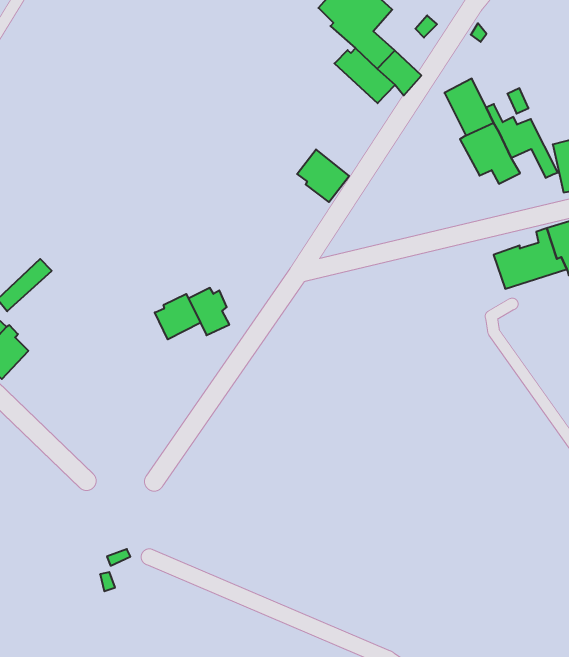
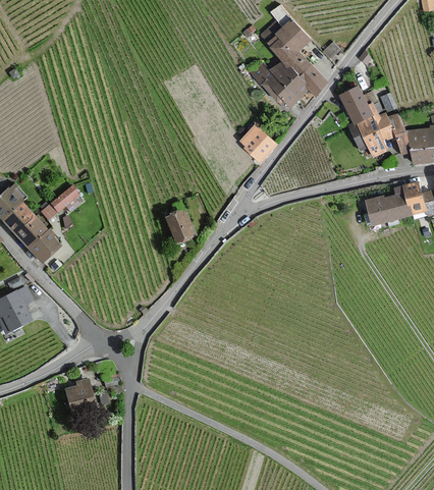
building: none -> [252,62,296,105]
building: [155,294,200,339] -> none
building: none -> [64,379,95,419]

